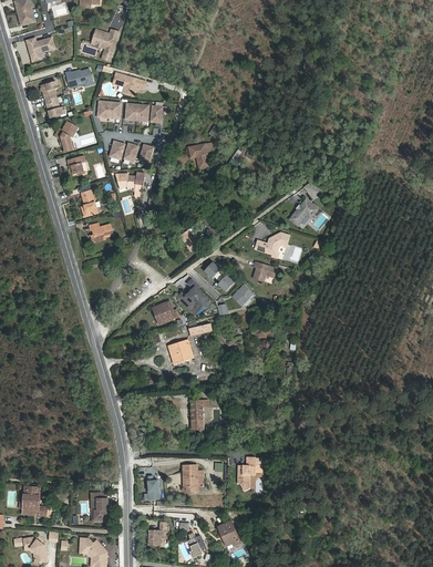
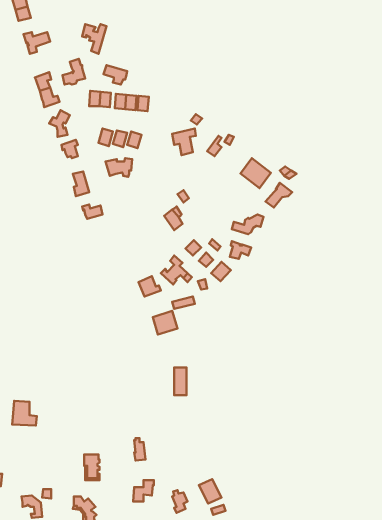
building: none -> [240,158,271,188]
building: [237,456,261,491] -> none
building: [183,465,204,492] -> none
building: [24,488,51,515] -> [12,401,37,425]

